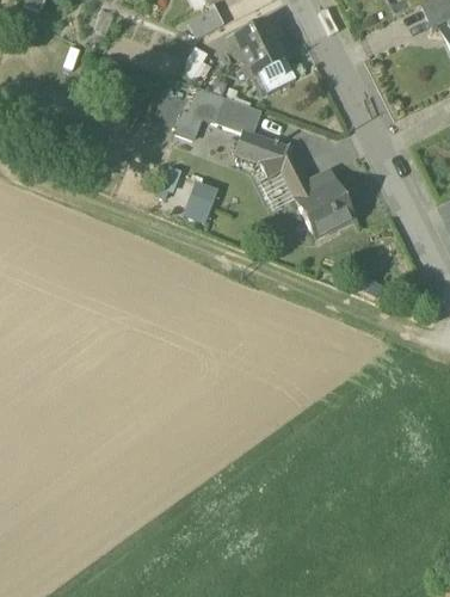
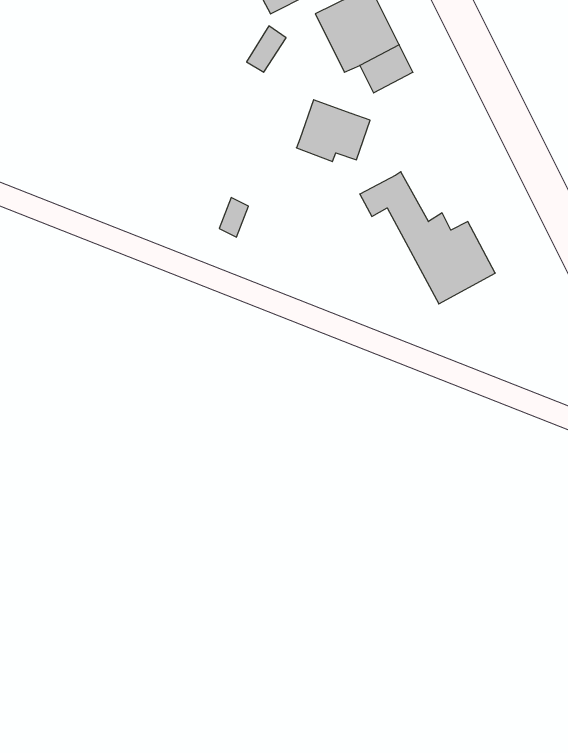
building: [173,85,226,140] -> none
building: [234,133,283,161] -> none
building: [181,179,216,223] -> none

